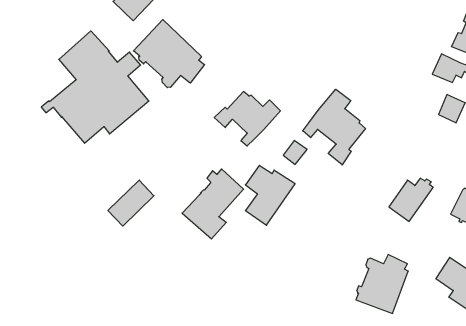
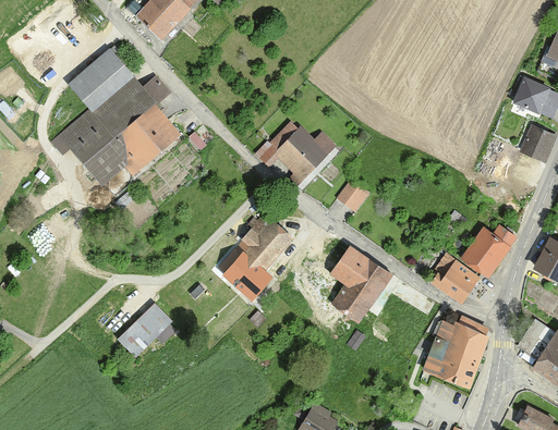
building: [133,20,205,88] -> none
building: [303,89,365,165] -> none
building: [245,165,295,225] -> [332,251,391,322]
building: [108,180,154,226] -> [118,303,172,357]
building: none -> [433,254,478,302]

